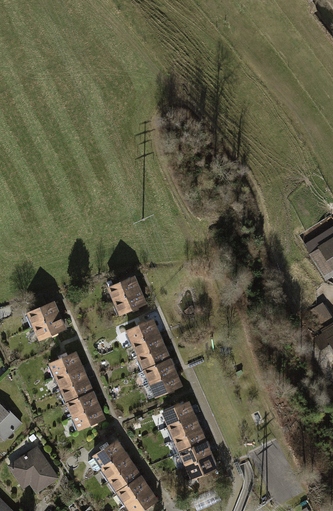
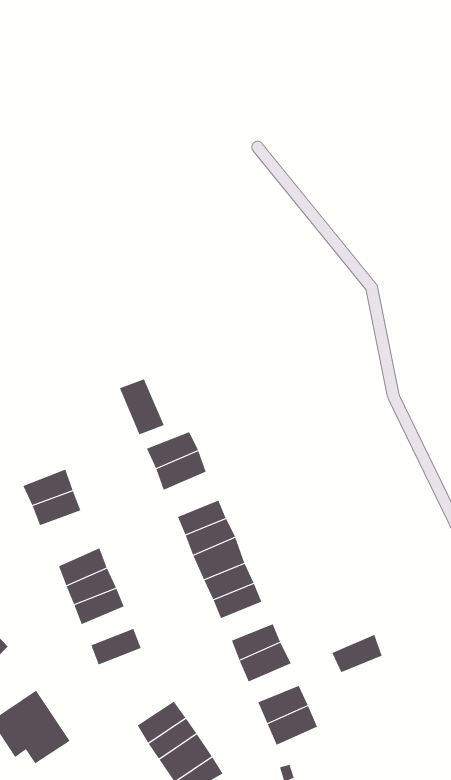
building: none -> [119,378,164,435]
building: [66,393,100,418] -> none
building: [174,430,207,455] -> [331,634,382,673]
building: [93,441,126,470] -> none

